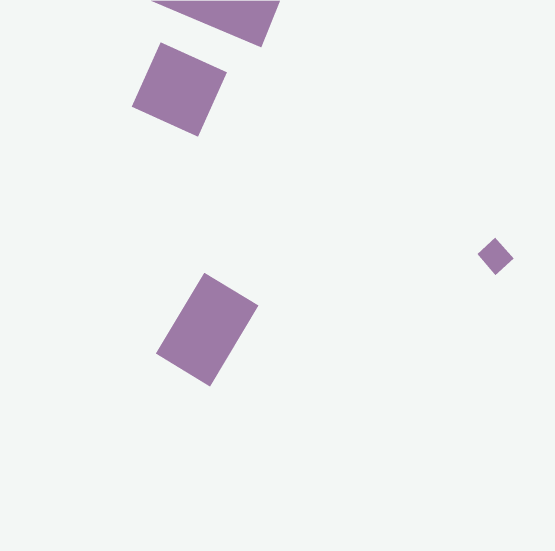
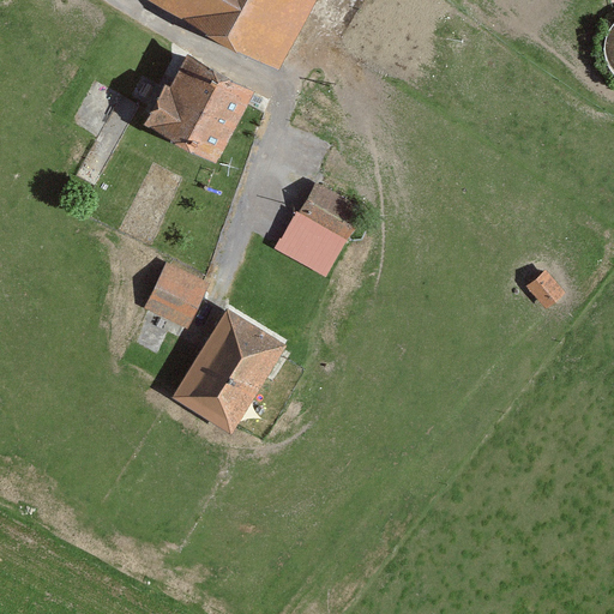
building: none -> [273,180,356,279]
building: none -> [142,261,207,330]

